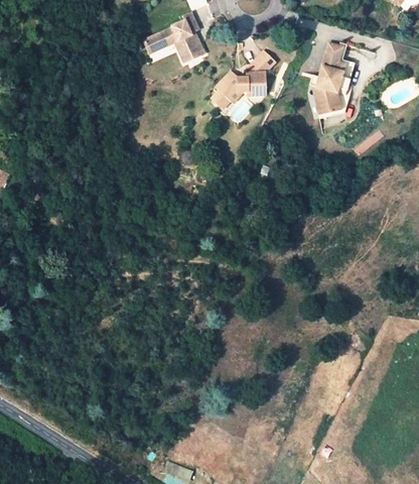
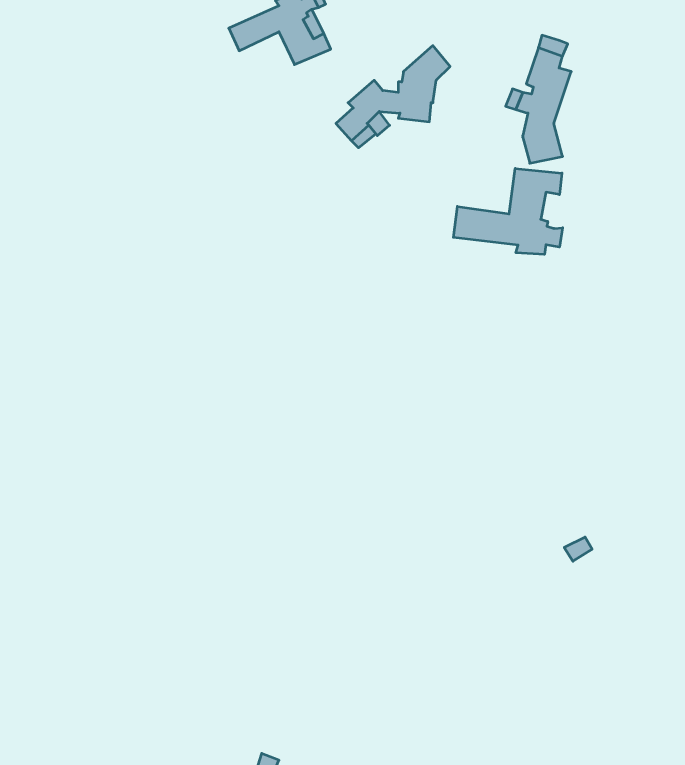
building: none -> [453,168,563,254]

